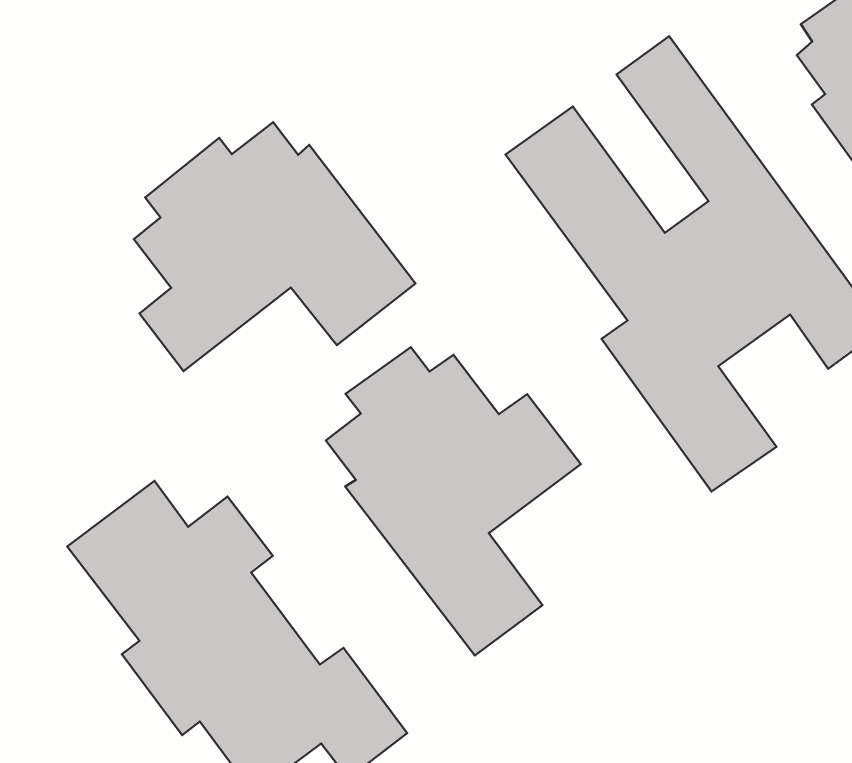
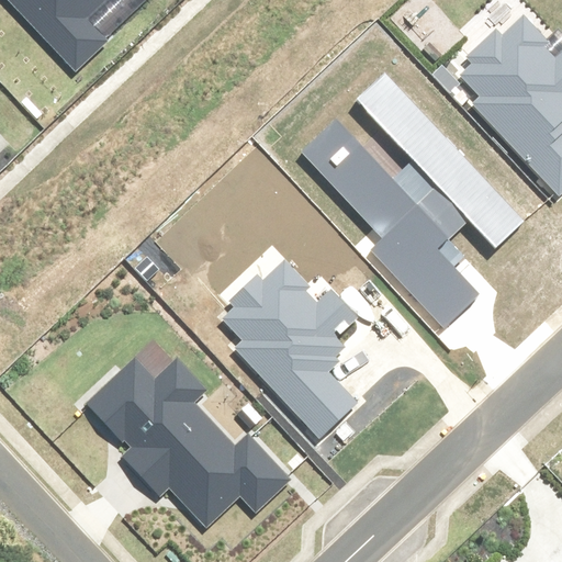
building: [134,122,415,371] -> none

